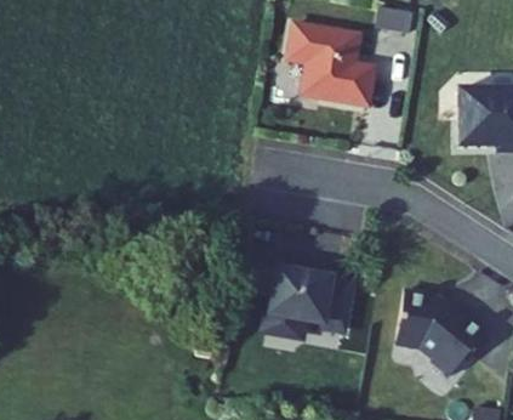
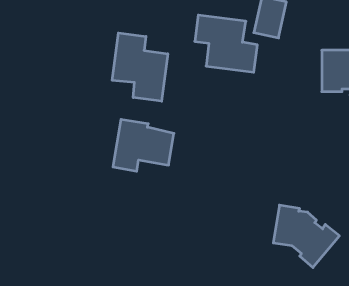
building: none -> [112,33,168,101]
building: [267,263,350,335] -> [113,119,174,171]

